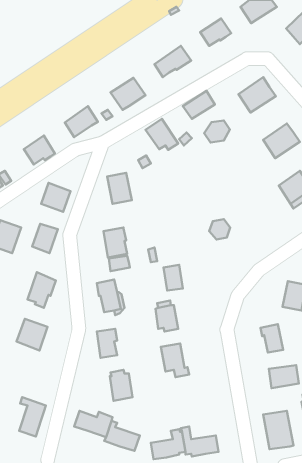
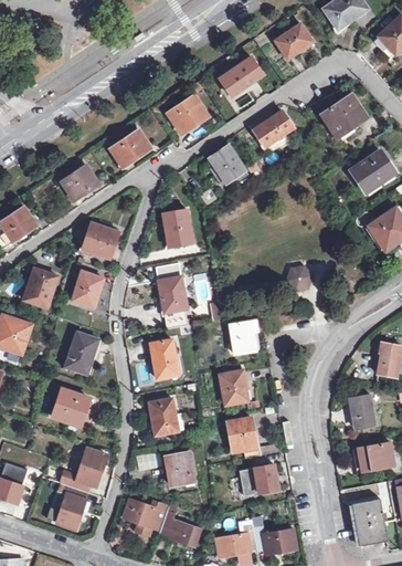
building: [204,120,230,142] -> none
building: none -> [60,447,107,492]
building: none -> [237,464,276,496]

